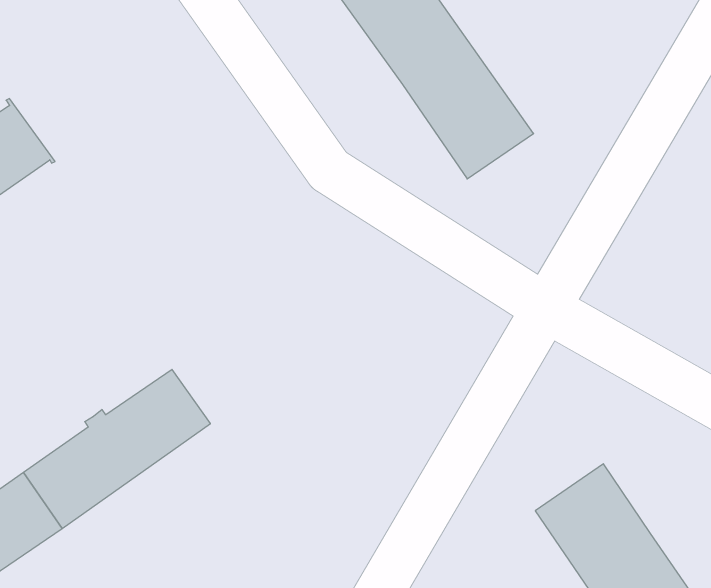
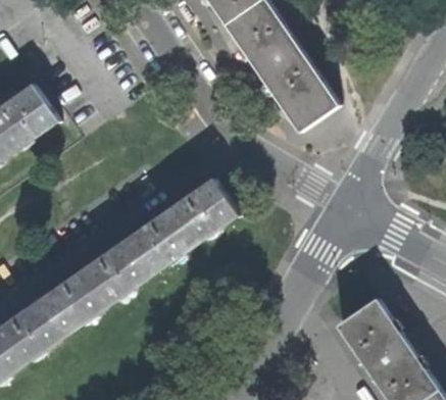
building: none -> [127,179,239,274]

